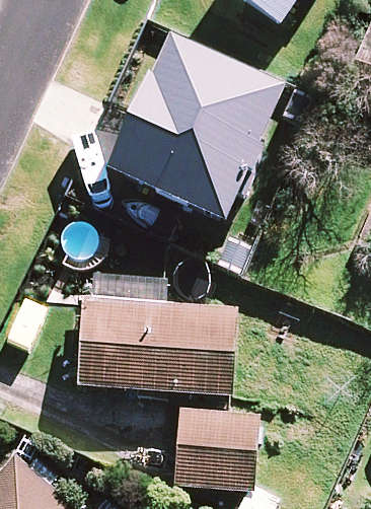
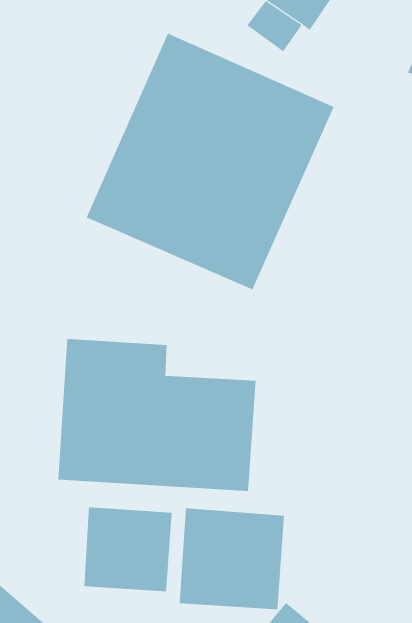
building: none -> [84,507,172,592]

